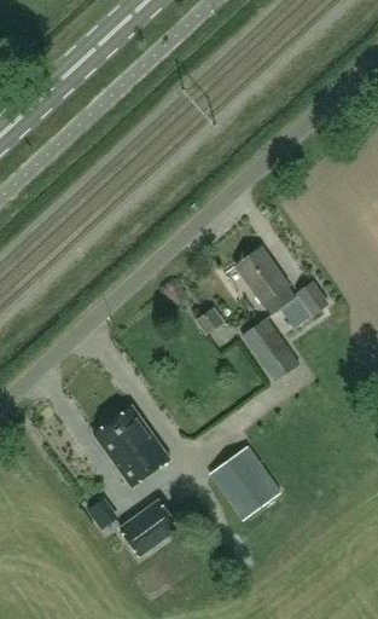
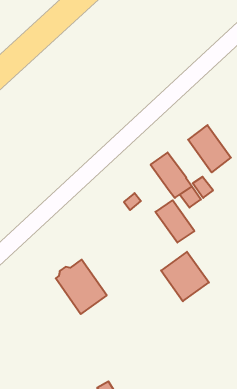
building: none -> [188,125,231,172]
building: [209,445,280,519] -> [161,252,209,301]
building: [120,498,179,554] -> none

